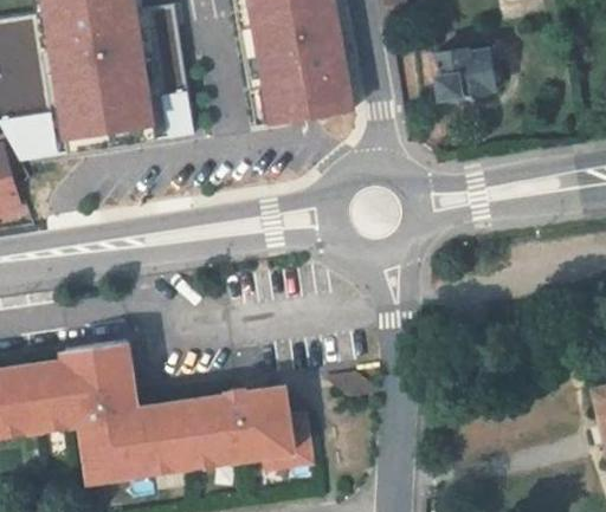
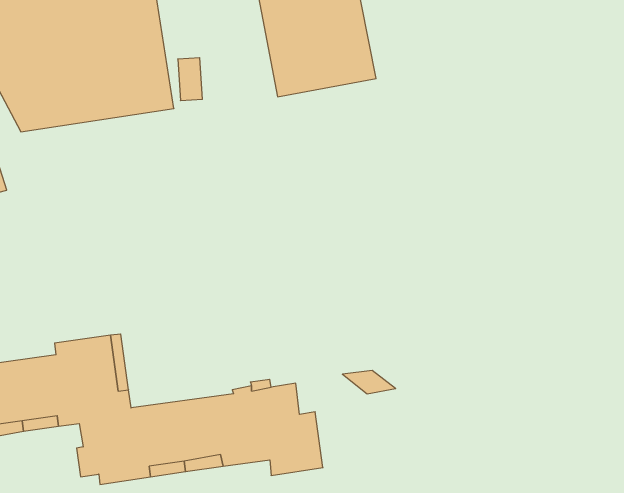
building: [432,50,492,101] -> none

